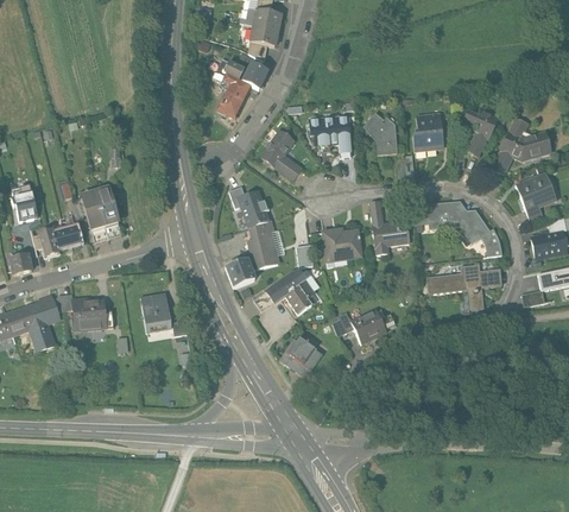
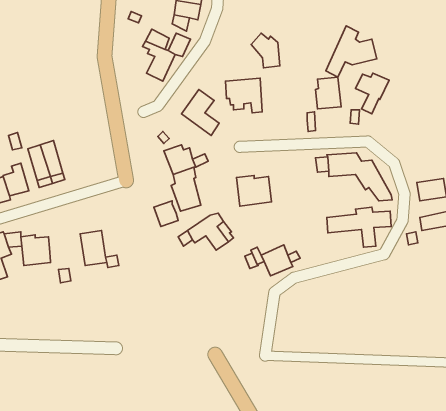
building: [363,113,397,153] -> [251,33,280,68]
building: [491,115,550,175] -> [326,26,377,77]
building: [514,172,557,221] -> none
building: [369,209,409,254] -> none
building: [279,339,323,378] -> none

